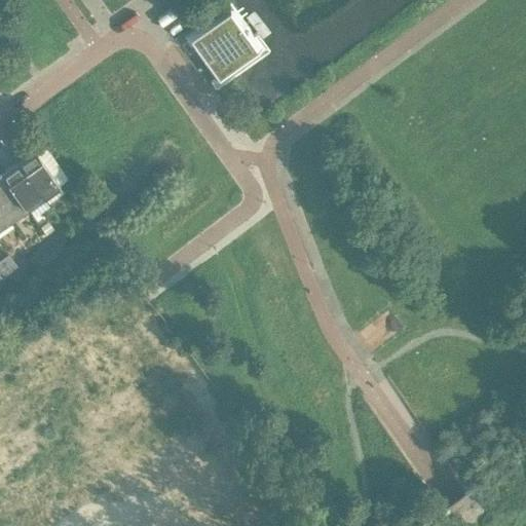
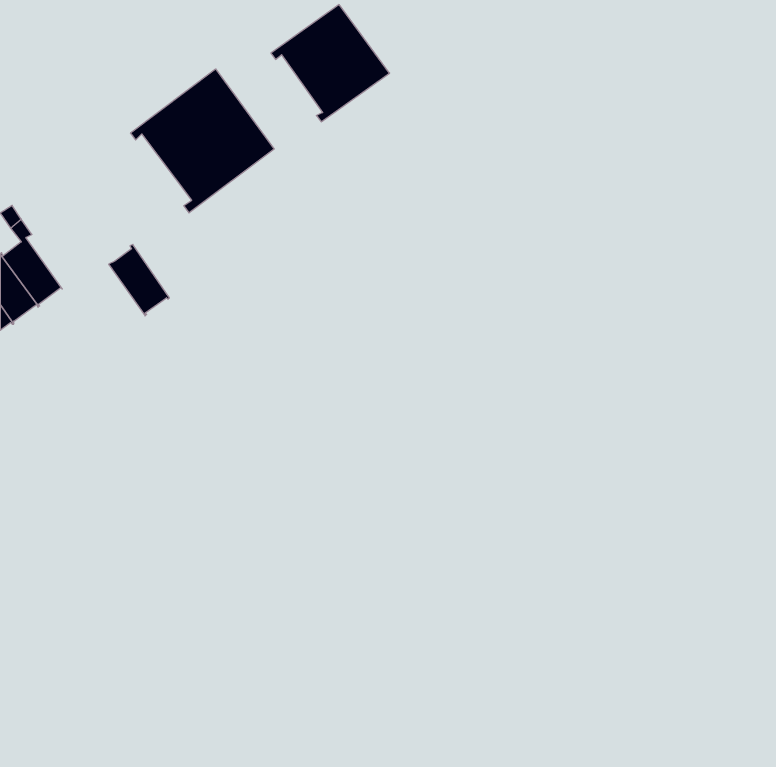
building: none -> [131,69,274,213]
building: [18,154,60,202] -> [109,244,169,316]

